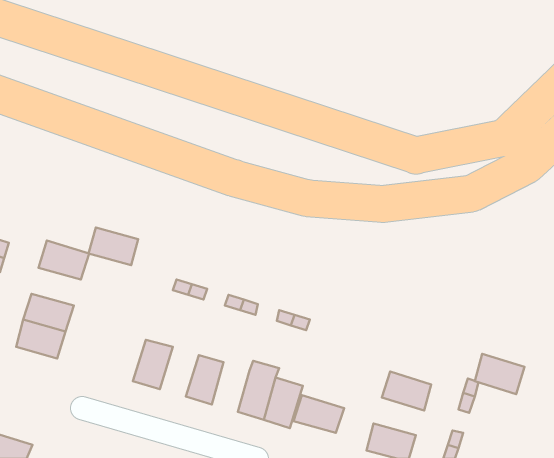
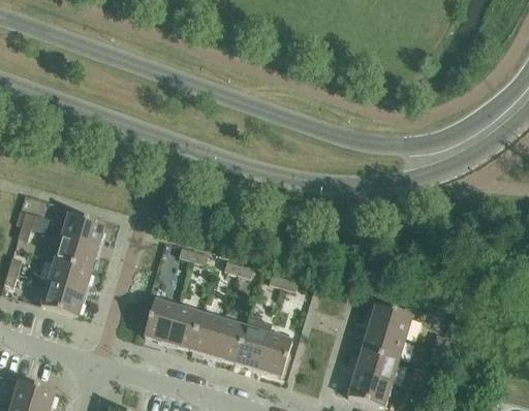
building: [89,227,138,265] -> [54,235,97,268]
building: none -> [166,305,200,348]
building: [475,354,525,394] -> [368,303,411,338]
building: none -> [212,318,245,361]
building: [293,395,344,433] -> [353,349,398,382]

